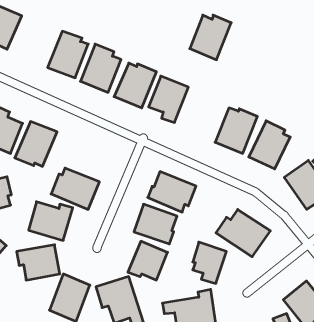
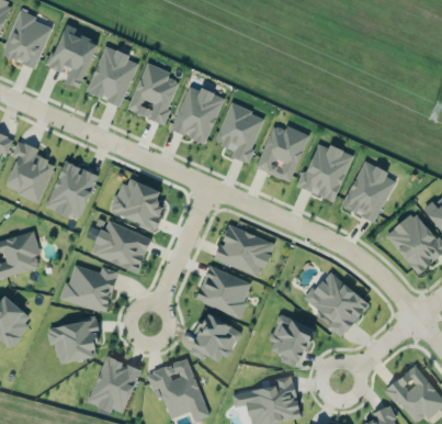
building: none -> [47,23,99,88]
building: [190,15,231,60] -> [257,124,309,181]
building: none -> [111,176,166,230]

